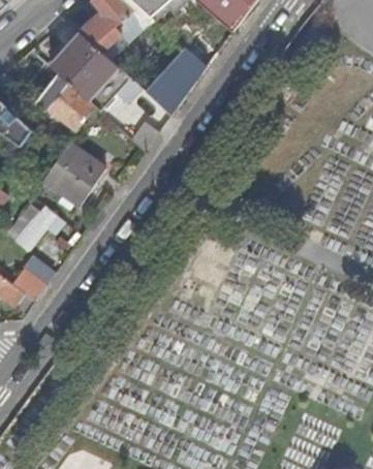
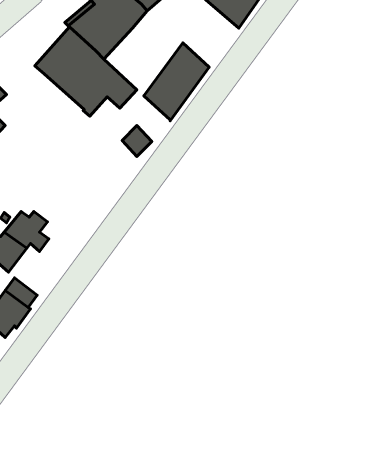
building: [33,71,94,130] -> none
building: [43,142,104,202] -> none

